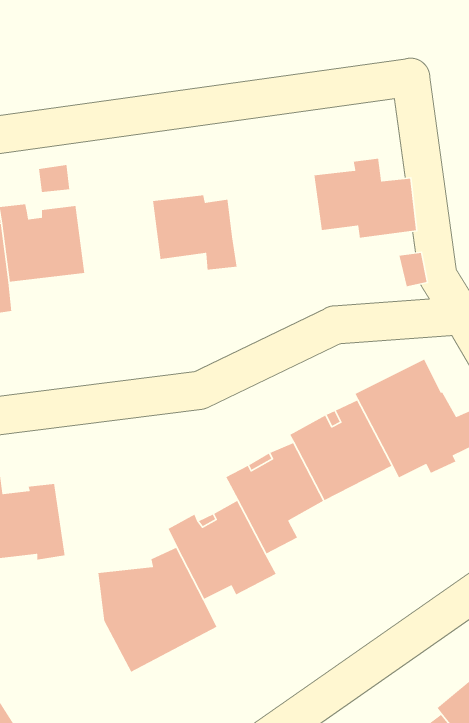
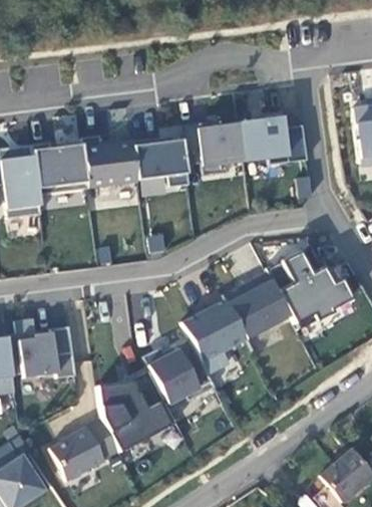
building: none -> [182,120,246,174]
building: none -> [83,135,139,188]
building: none -> [50,418,120,481]

